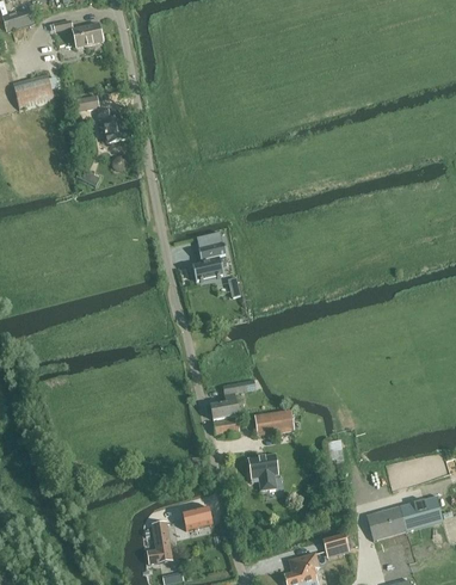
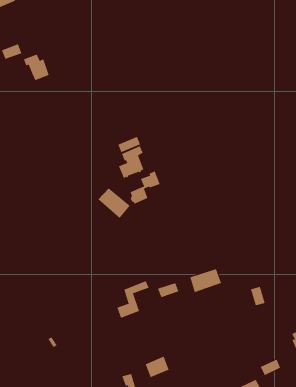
building: none -> [98,187,130,219]
building: [211,380,255,420] -> [117,281,149,318]
building: [248,455,278,491] -> none

